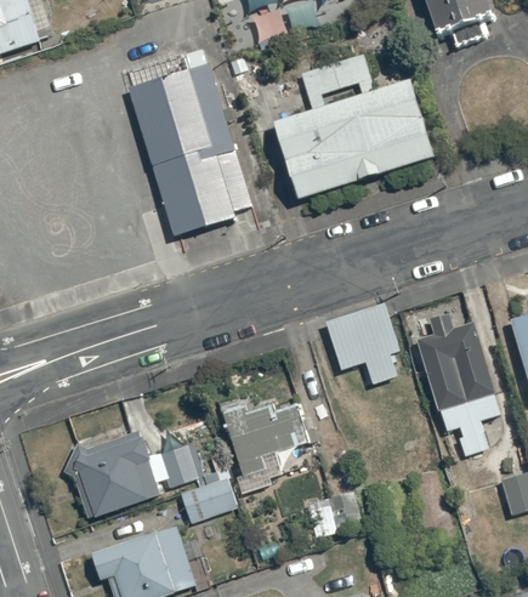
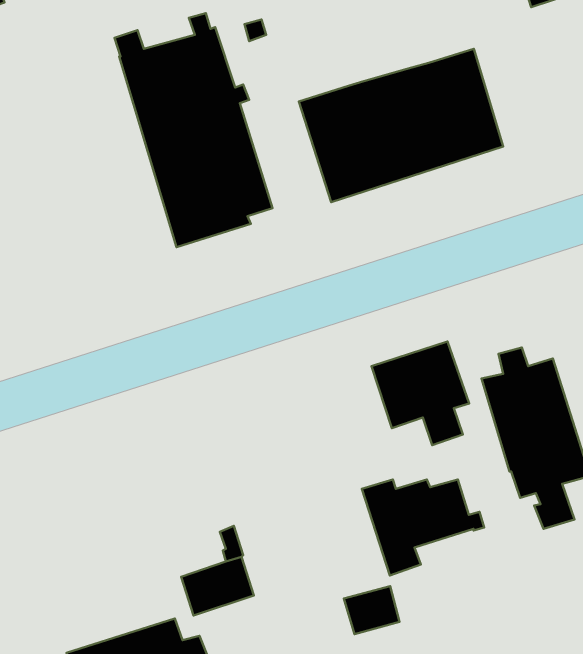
building: [300,52,375,108] -> none
building: [221,402,317,477] -> [362,479,484,575]
building: [63,430,161,519] -> none
building: [158,444,205,487] -> none

